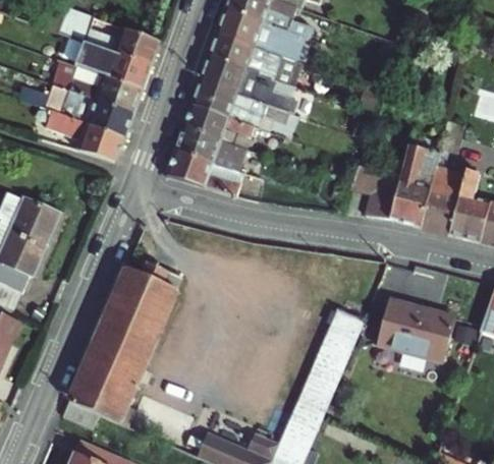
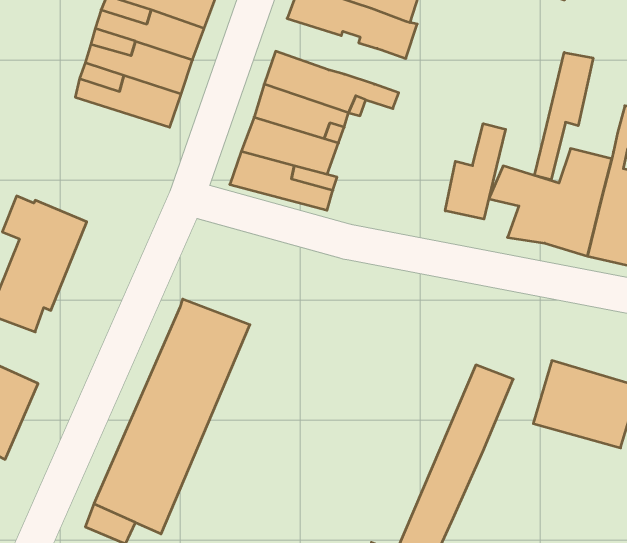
building: [198,58,296,112] -> none
building: none -> [535,52,593,180]
building: [31,108,122,162] -> none
building: none -> [445,124,506,219]

